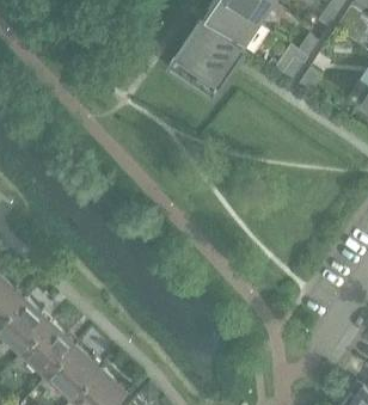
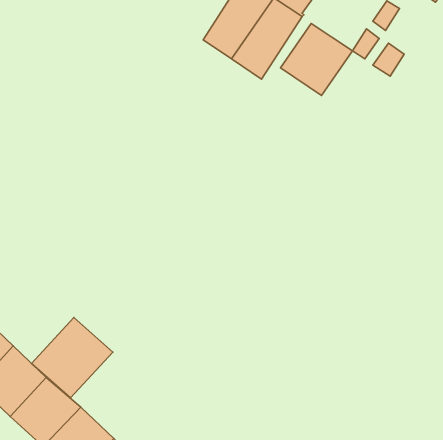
building: none -> [280,23,352,95]
building: none -> [32,318,113,398]

